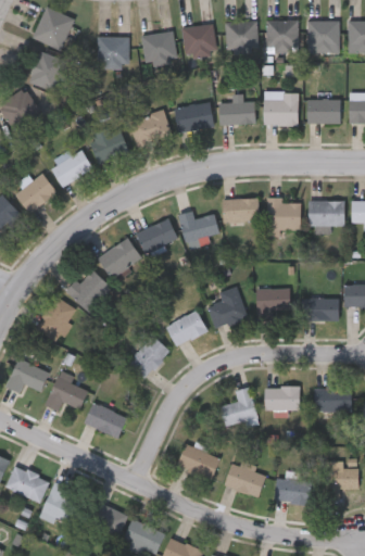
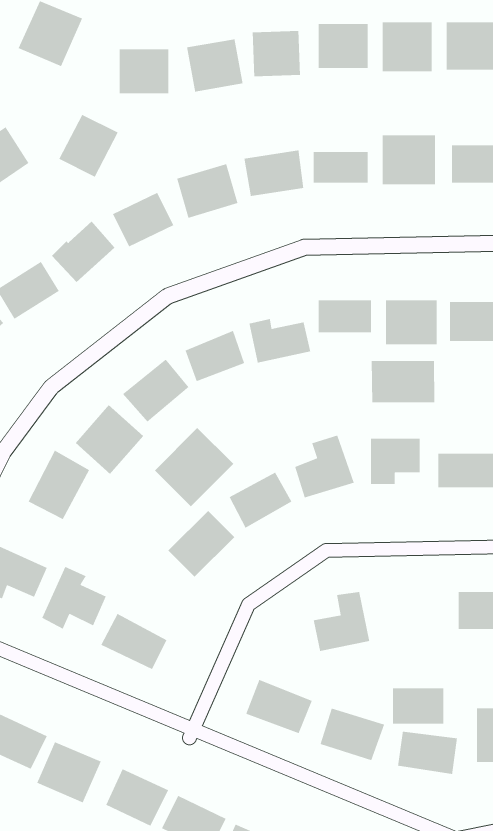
building: [26,51,65,92] -> [58,114,119,178]
building: none -> [371,360,435,403]
building: none -> [154,427,234,507]
building: [265,387,299,410] -> [392,688,444,725]

